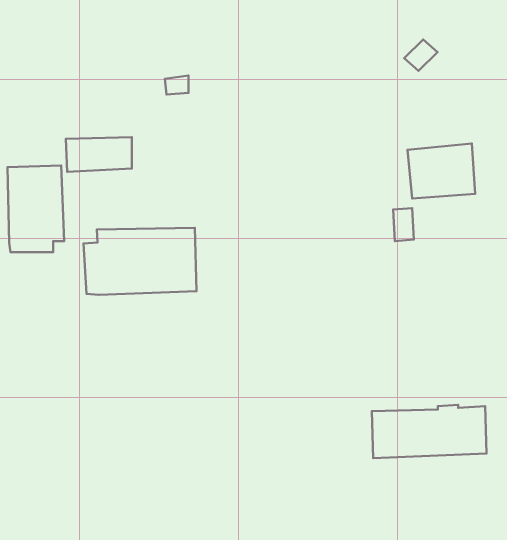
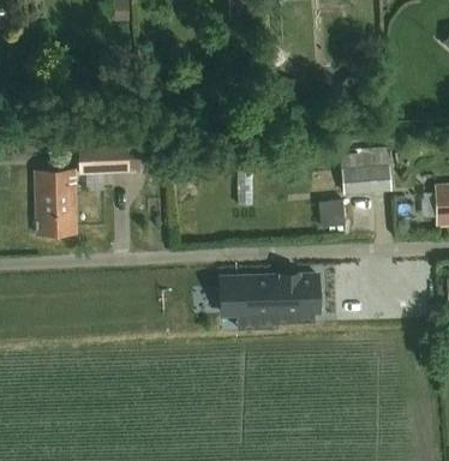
building: [83,228,197,295] -> none
building: [372,405,487,458] -> [231,276,318,317]

